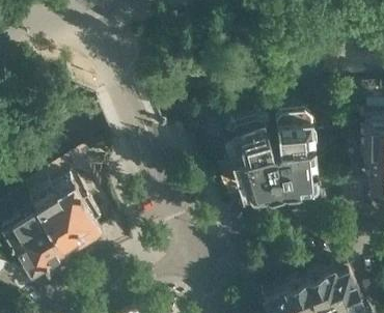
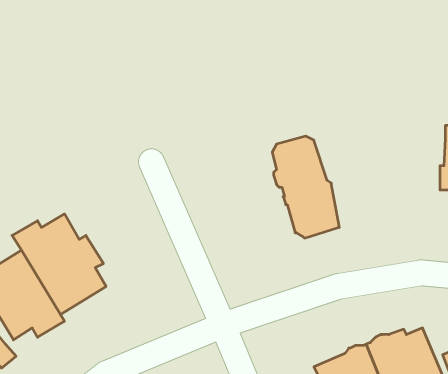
building: [277,114,318,192] -> none

